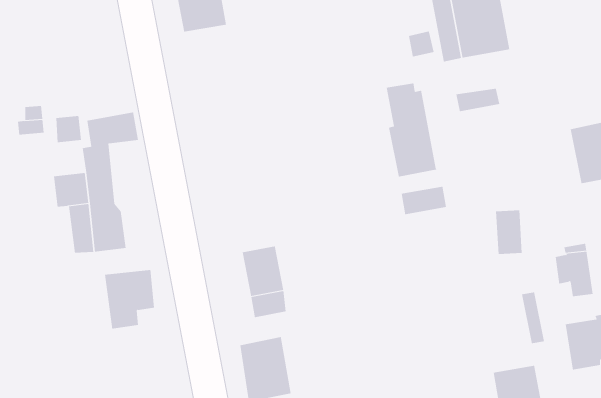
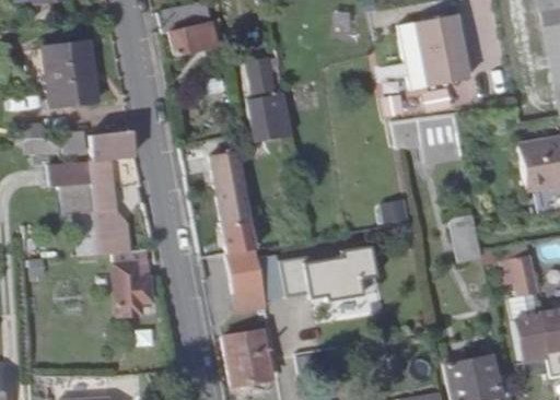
building: none -> [44,42,97,107]
building: [386,83,438,177] -> [247,58,293,141]
building: none -> [212,149,254,227]
building: none -> [47,163,91,189]
building: none -> [283,244,381,302]

